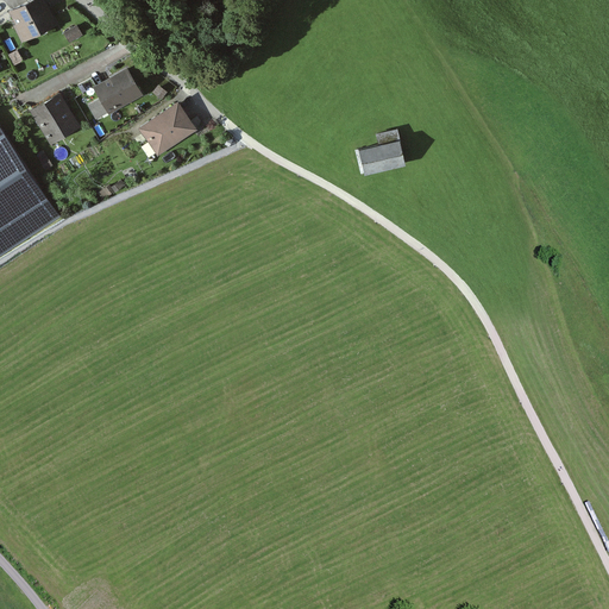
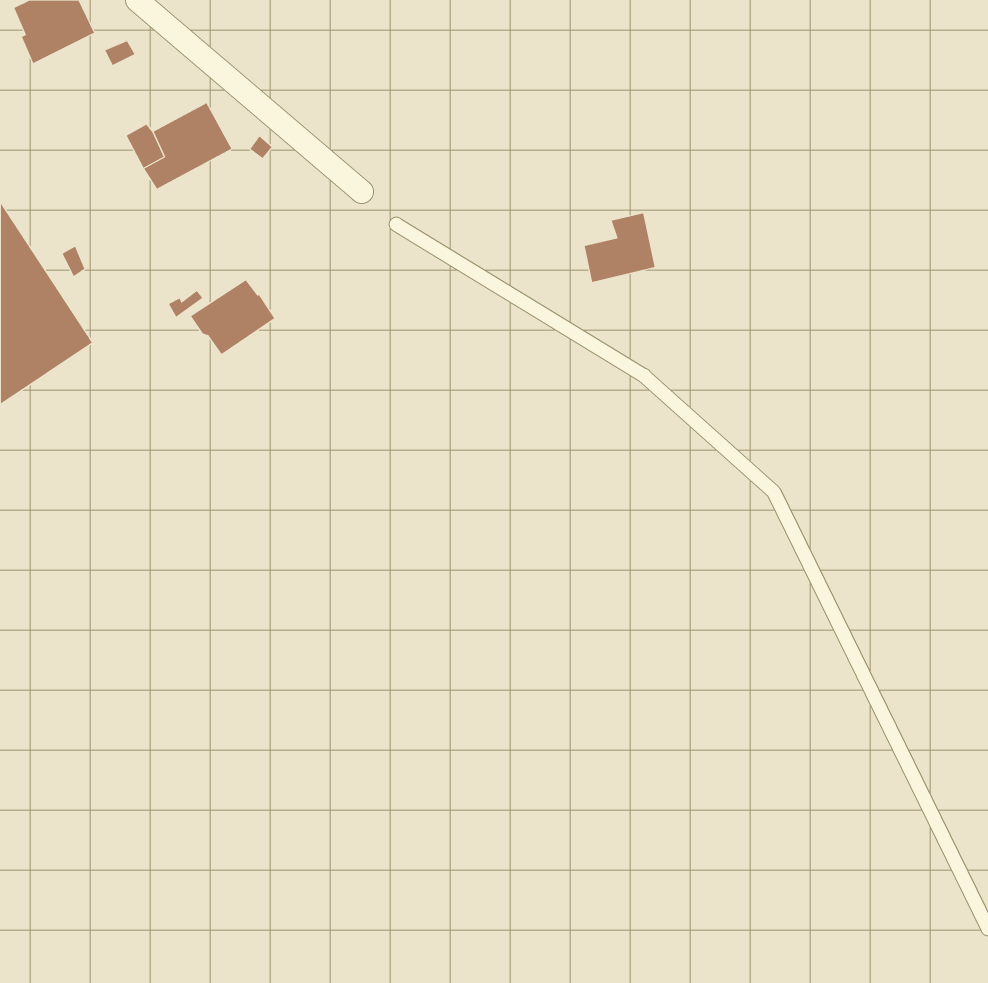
building: [30,93,81,145] -> none
building: [139,107,192,153] -> [190,279,275,355]

